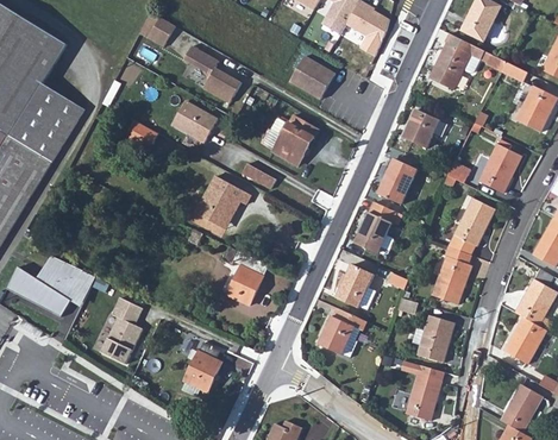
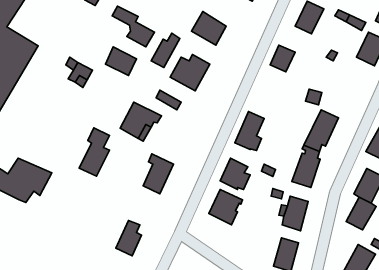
building: none -> [151,33,180,68]
building: [478,138,520,187] -> none
building: [374,151,412,195] -> none
building: [102,300,144,366] -> [79,128,110,176]

